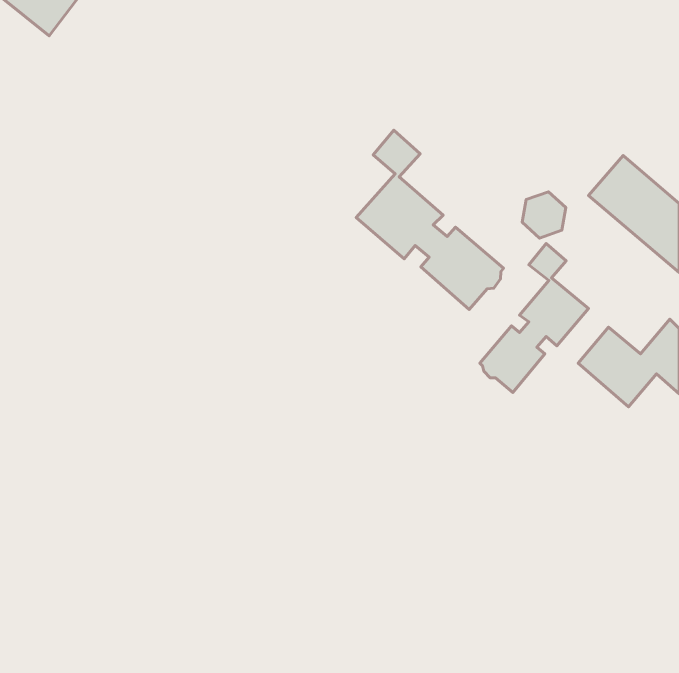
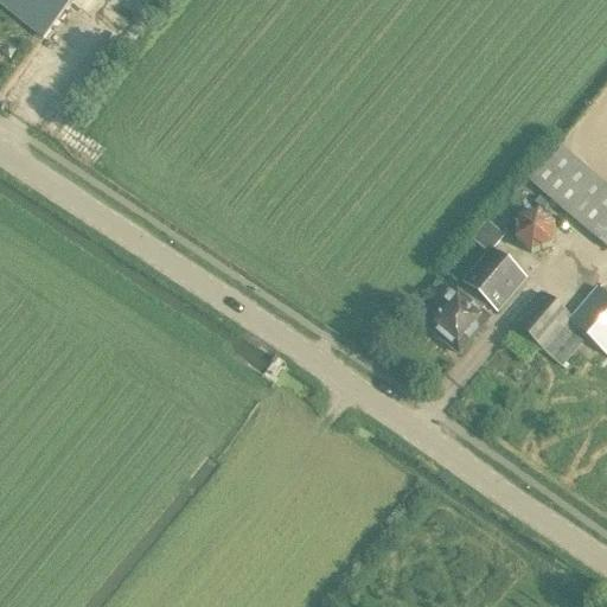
building: [356,130,504,310] -> none
building: [522,192,566,238] -> [517,207,556,249]

